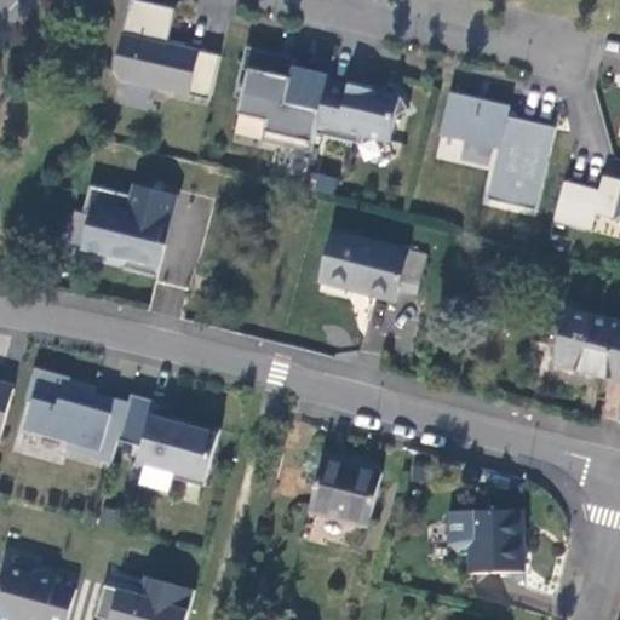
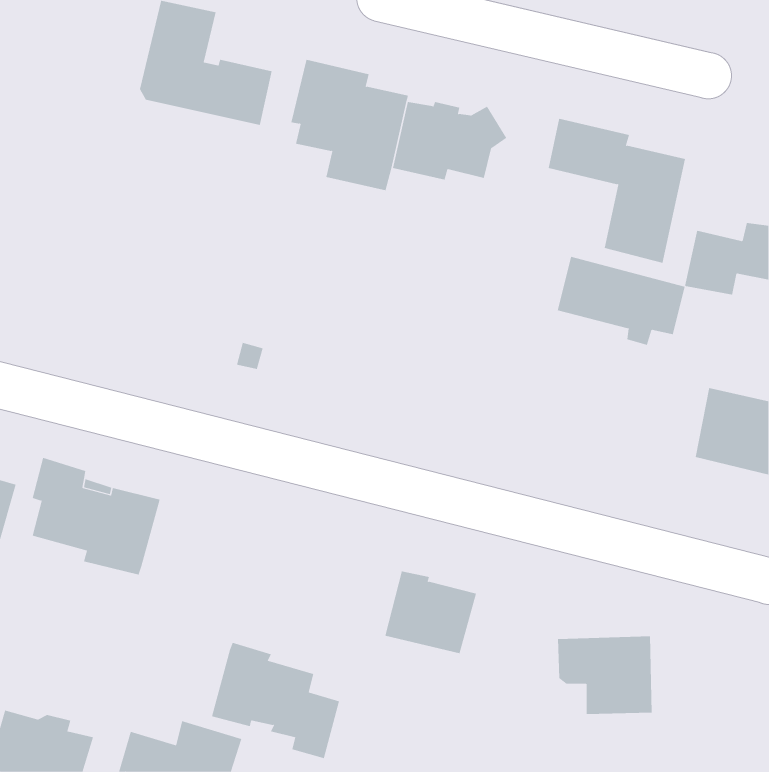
building: [80,184,177,276] -> none
building: [322,231,425,303] -> [557,256,685,345]
building: [114,394,217,487] -> [211,642,340,759]

